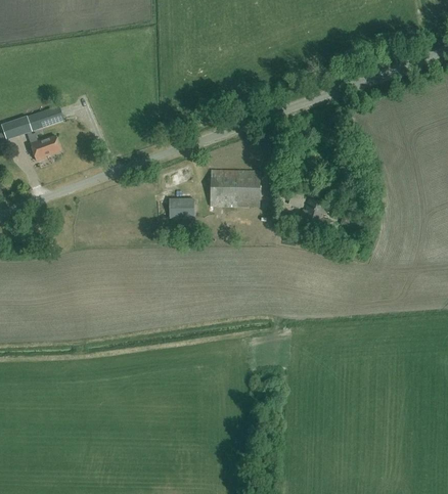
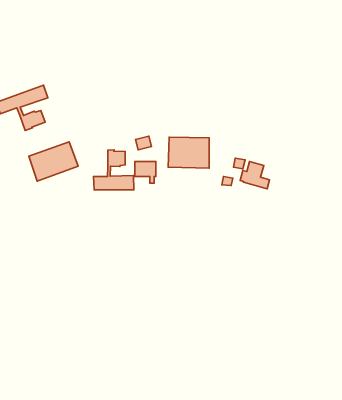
building: none -> [29,142,78,181]
building: none -> [93,150,134,190]

